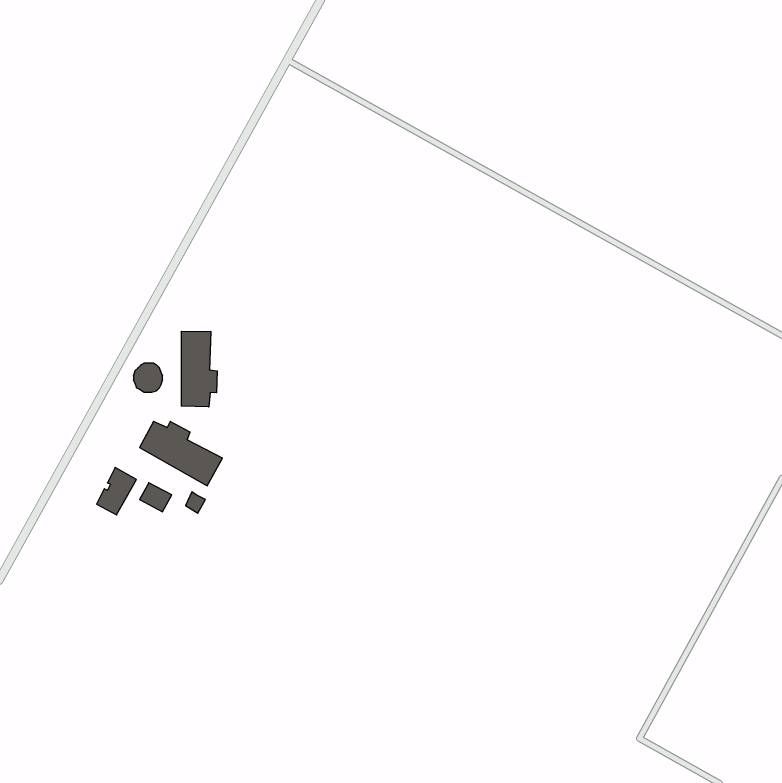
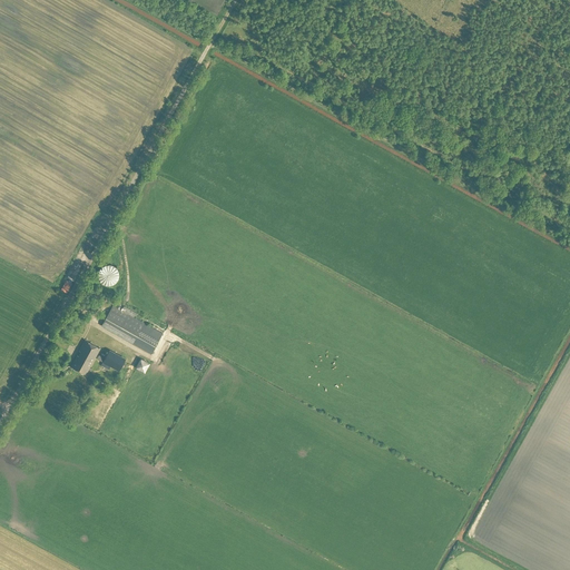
building: [181,331,217,407] -> none

